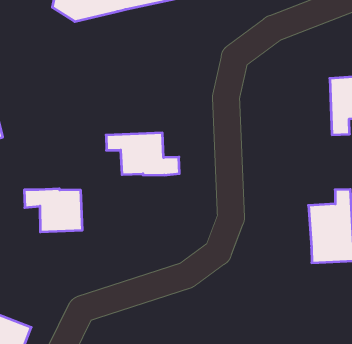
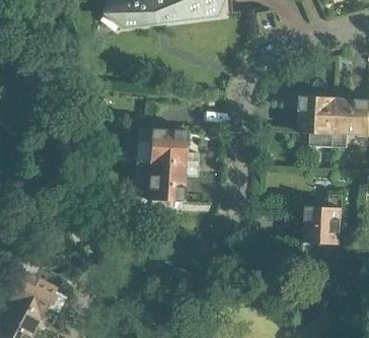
building: none -> [299,95,336,146]
building: [24,189,82,232] -> [135,161,184,201]

